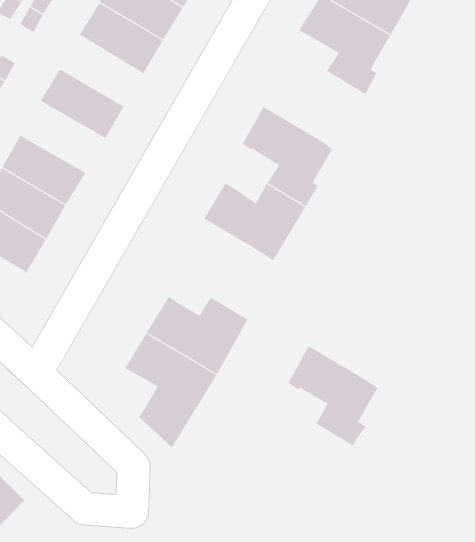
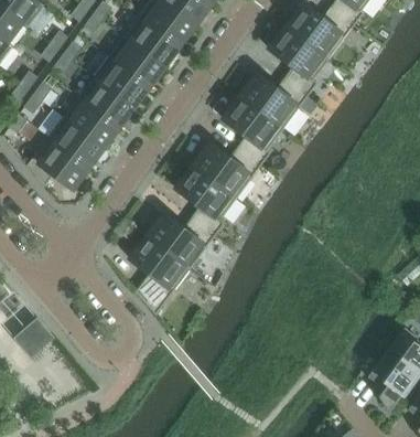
building: none -> [110,34,165,85]
building: none -> [241,73,310,128]
building: none -> [79,75,136,126]
building: [288,345,379,446] -> [177,164,237,234]

